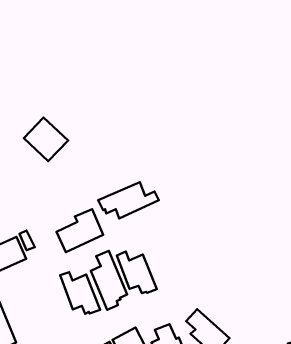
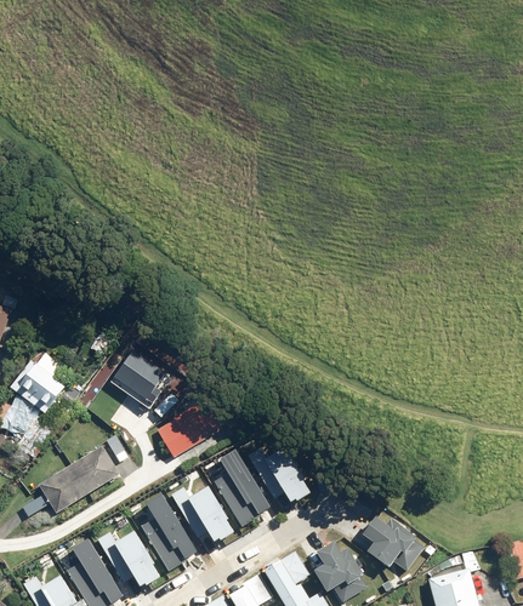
building: [24,118,68,161] -> [108,349,171,410]
building: [98,182,159,218] -> none
building: none -> [141,491,197,574]
building: none -> [96,528,159,584]

